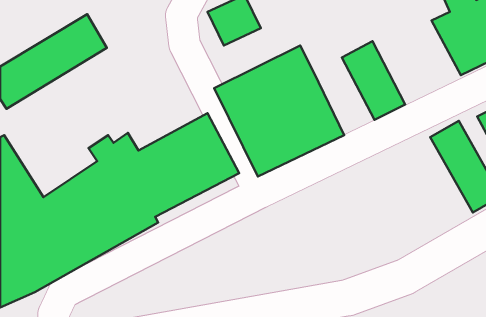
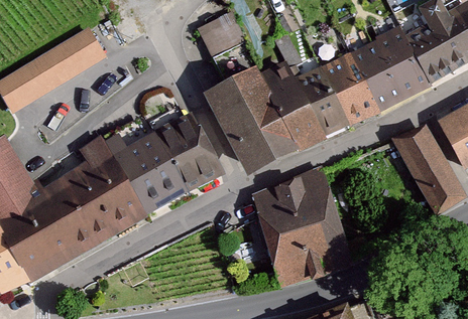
building: none -> [346,23,428,109]
building: none -> [291,65,348,137]
building: none -> [248,167,345,282]

